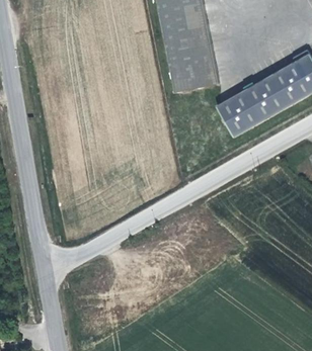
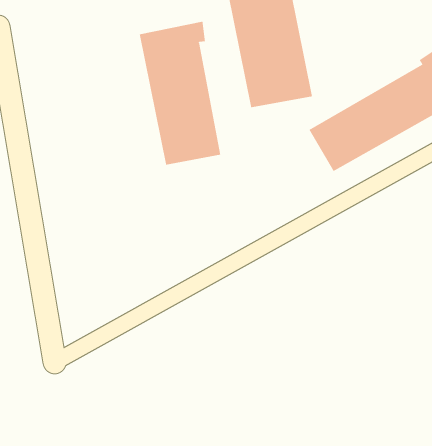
building: none -> [139,21,221,166]

